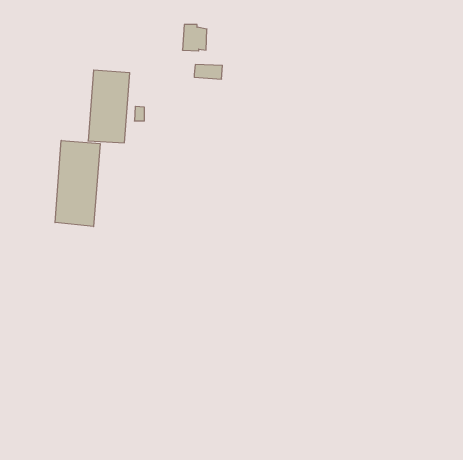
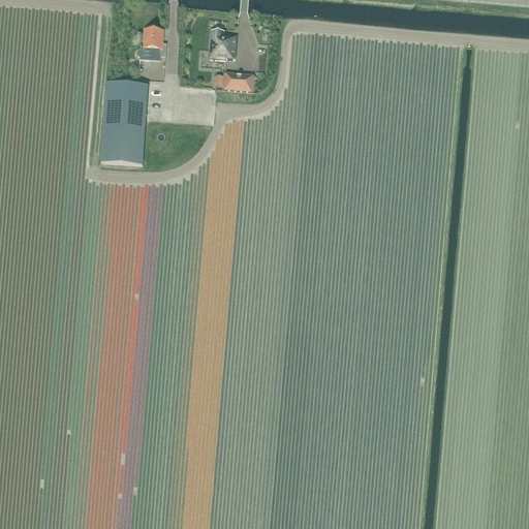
building: none -> [144,26,165,55]
building: [55,140,100,227] -> none

